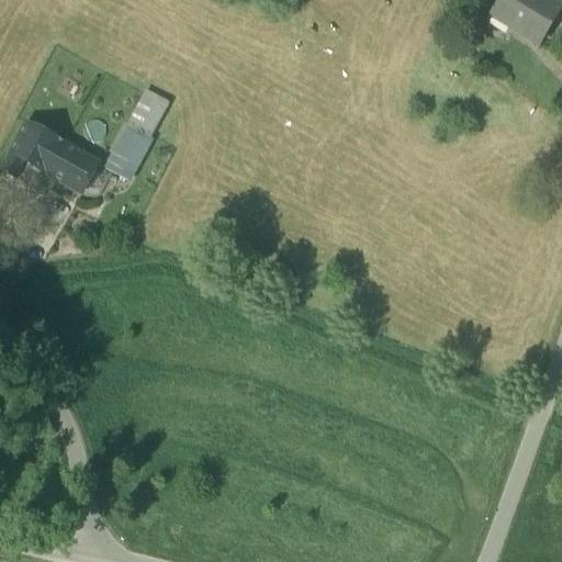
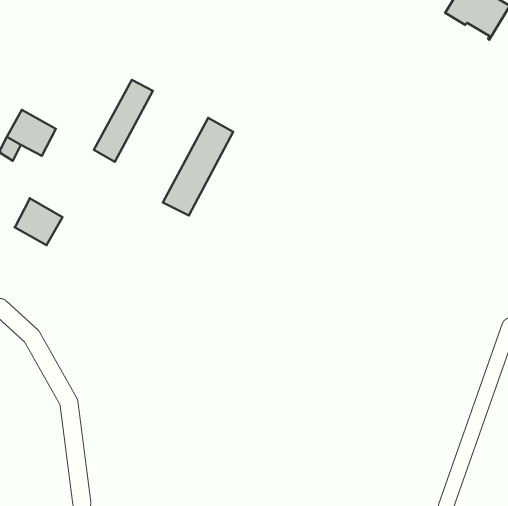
building: none -> [163,118,233,216]
building: [47,140,100,192] -> [15,198,63,245]

